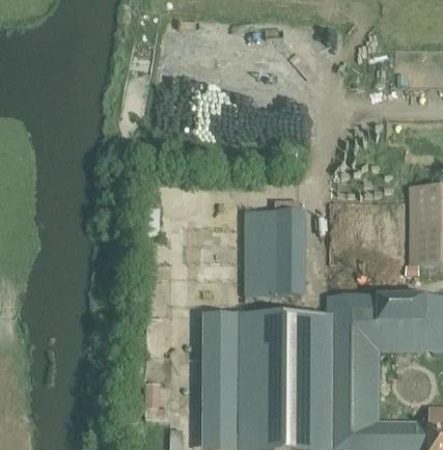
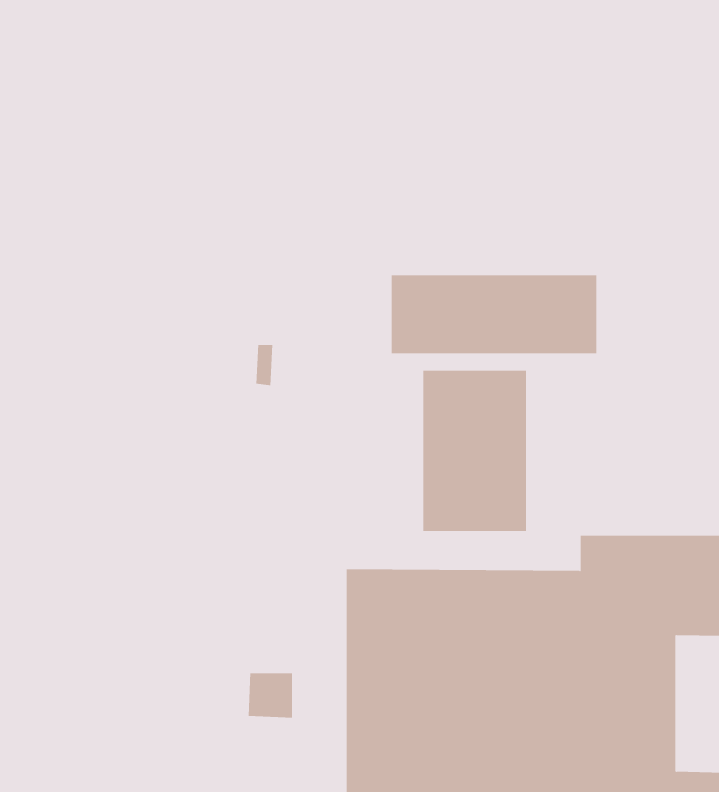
building: none -> [391,274,597,354]

